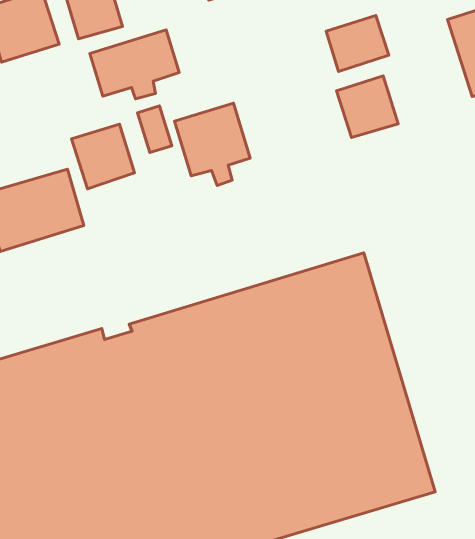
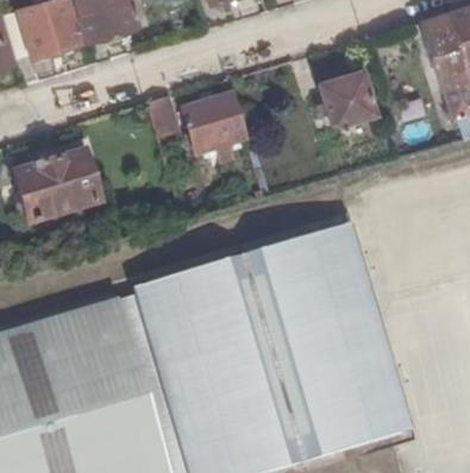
building: [326,16,389,72] -> none
building: [90,30,179,99] -> none
building: [72,124,134,189] -> none

